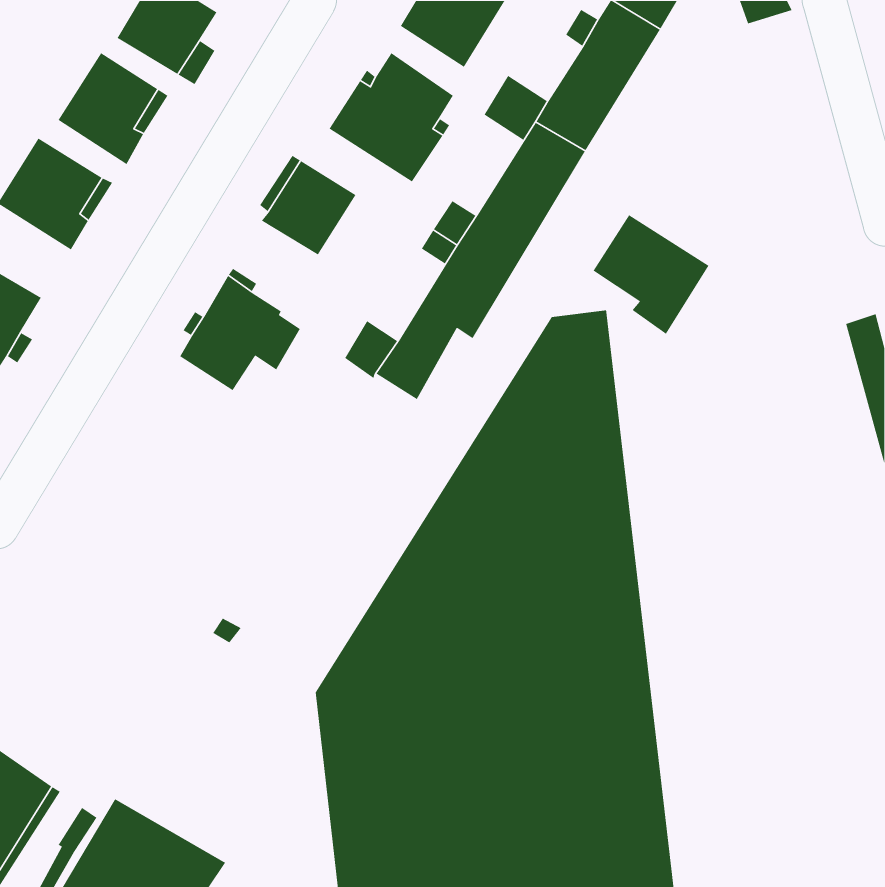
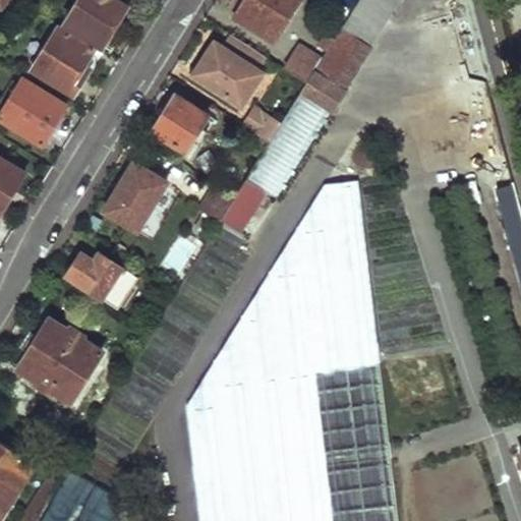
building: [593,214,709,335] -> none
building: none -> [67,251,135,306]
building: none -> [20,319,120,401]

